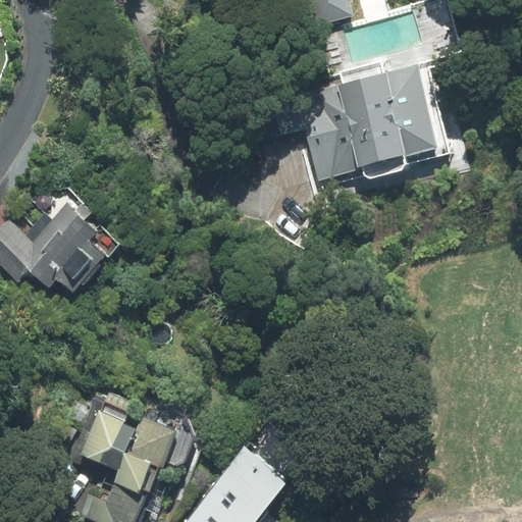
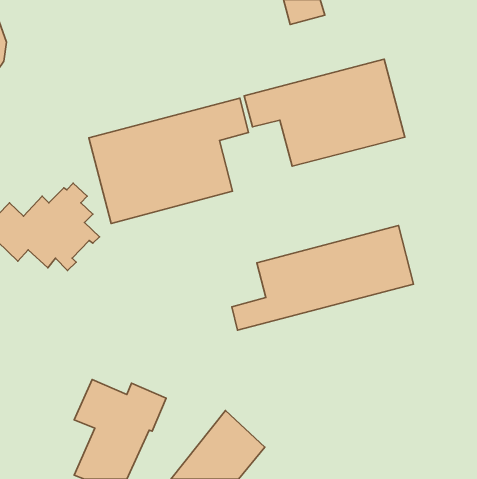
building: none -> [89,98,249,223]
building: none -> [232,225,414,330]

